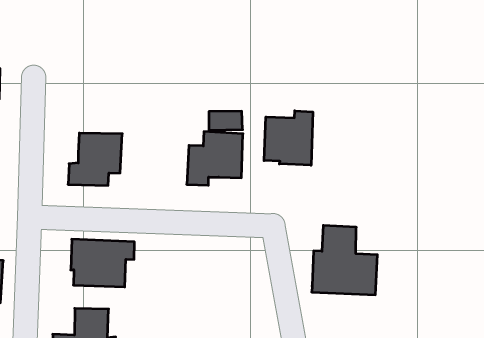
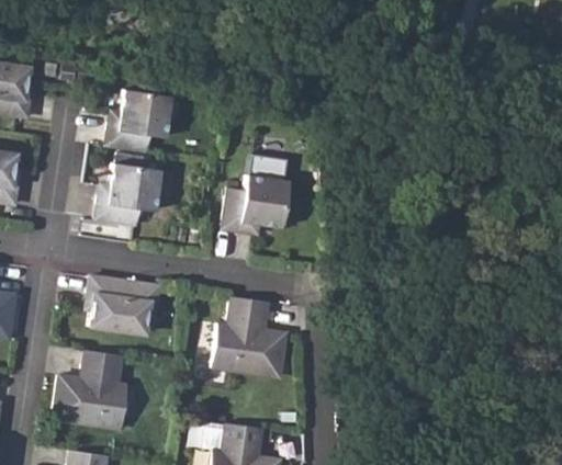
building: none -> [105,91,168,150]
building: [264,111,313,165] -> none
building: [312,225,377,295] -> [213,296,288,376]

